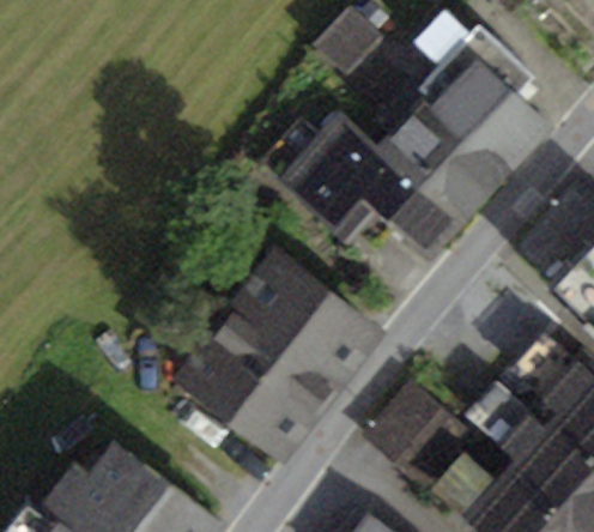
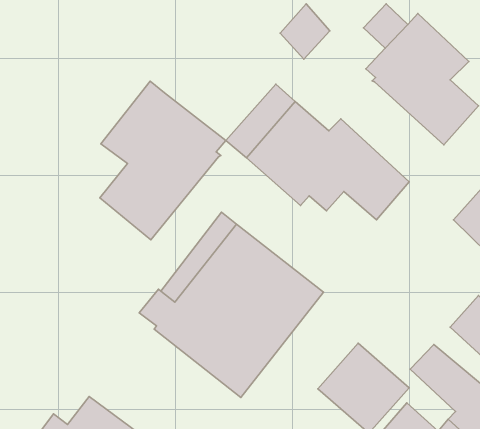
building: [393,85,509,210] -> none
building: none -> [100,81,226,240]

